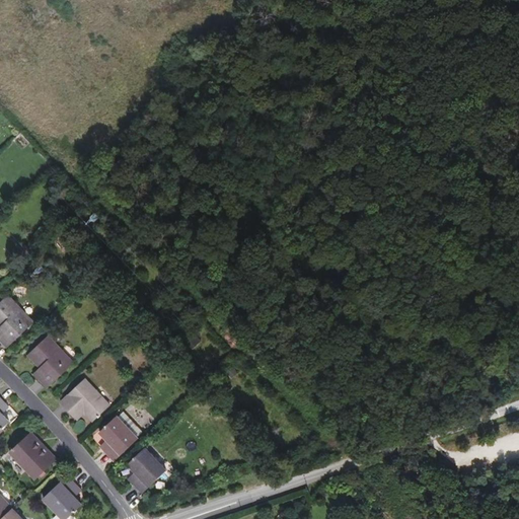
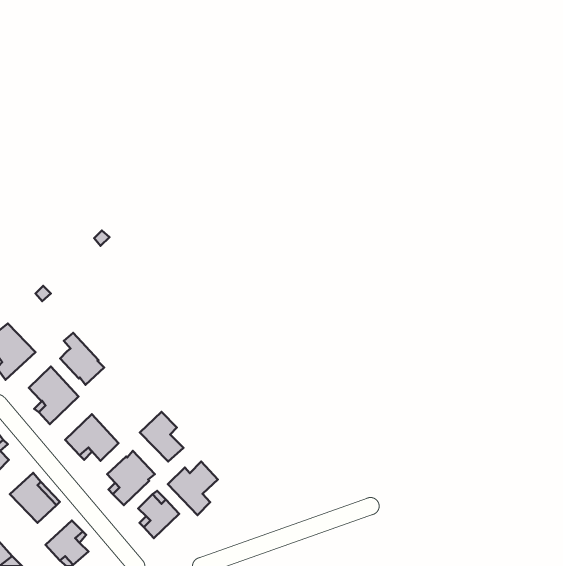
building: none -> [60,333,104,385]
building: none -> [140,412,183,462]
building: none -> [168,461,218,515]

